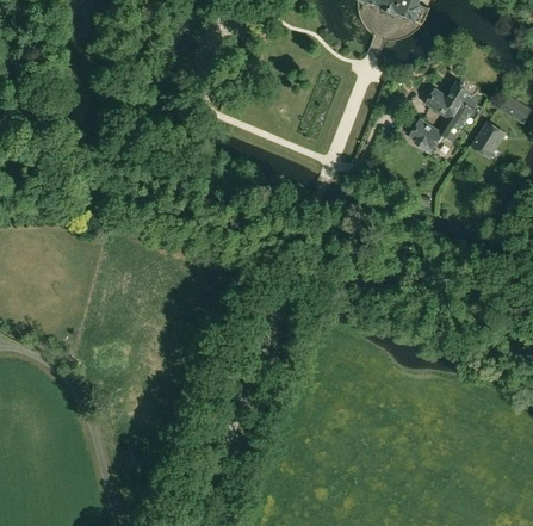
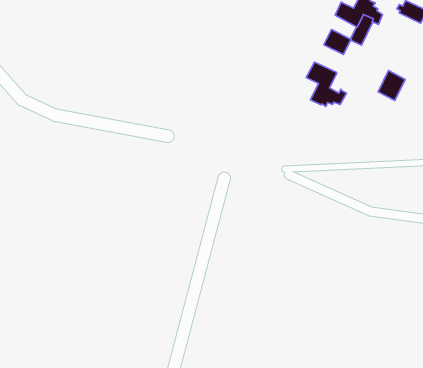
building: [470,122,502,156] -> [378,71,405,101]
building: none -> [306,62,347,107]

